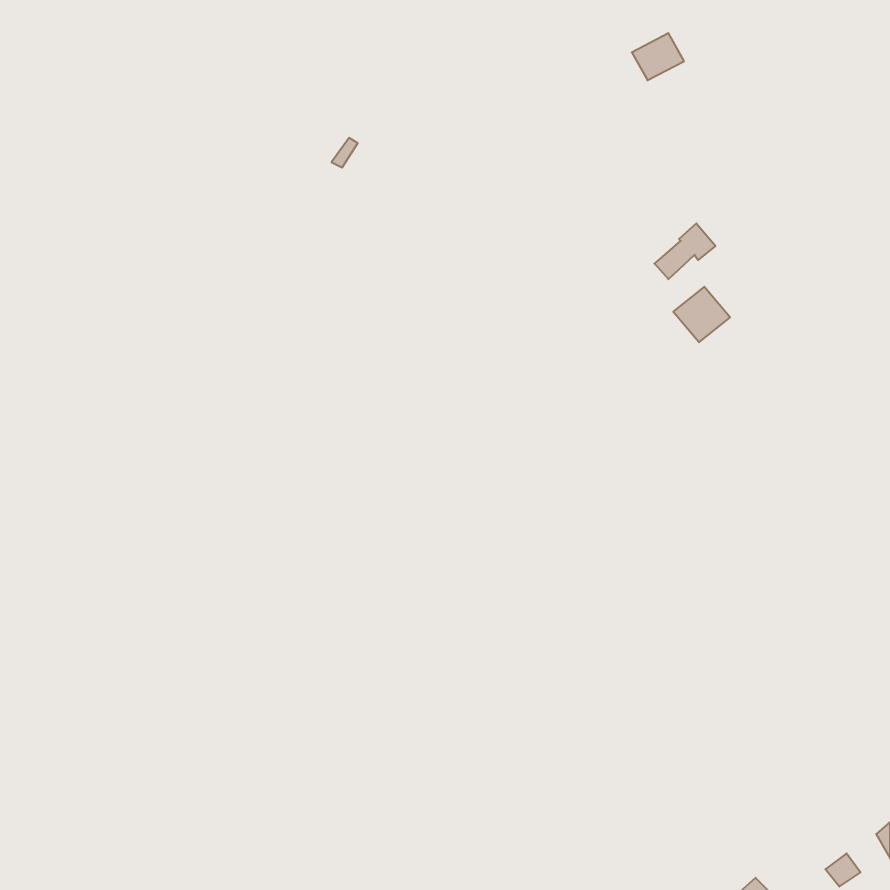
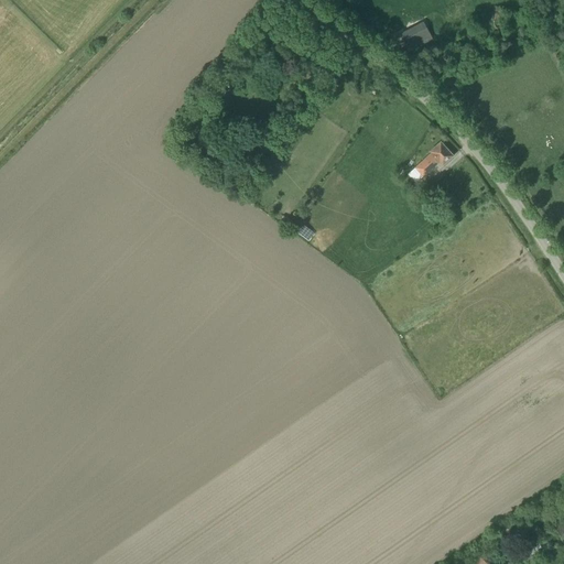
building: [673,287,730,342] -> none

